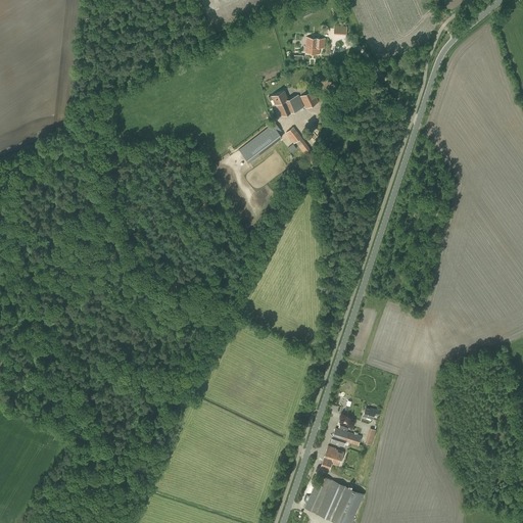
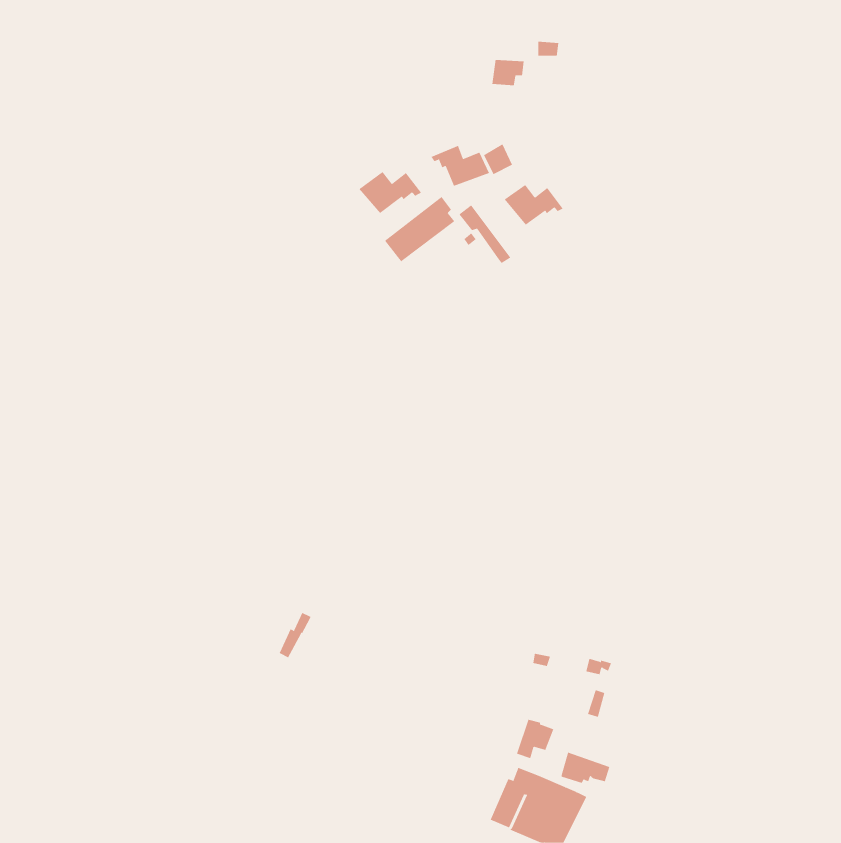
building: none -> [358,171,422,214]
building: none -> [504,184,563,226]
building: [330,427,361,446] -> [561,752,610,783]

